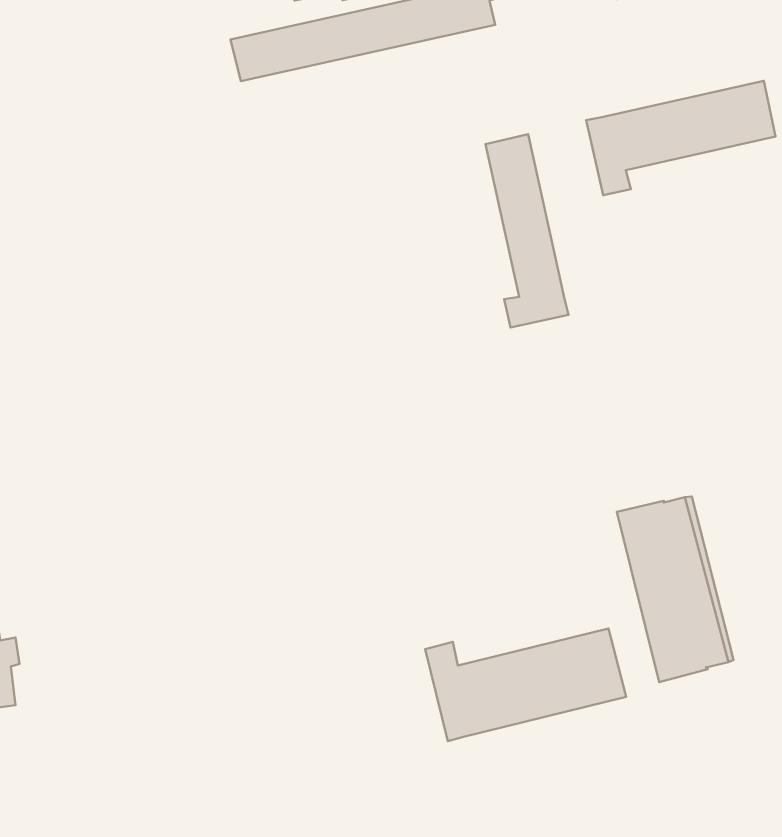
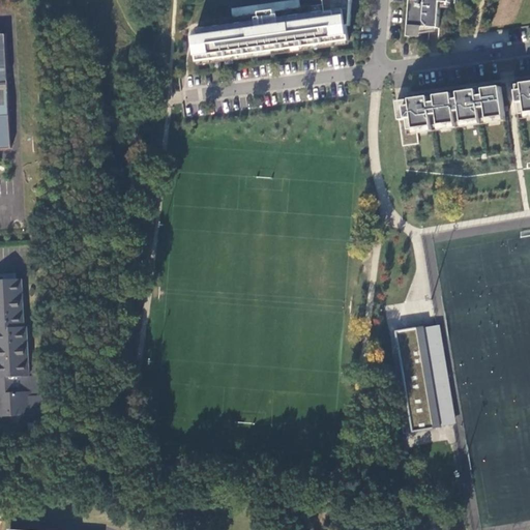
building: [486,134,568,327] -> none
building: [425,629,626,741] -> none

